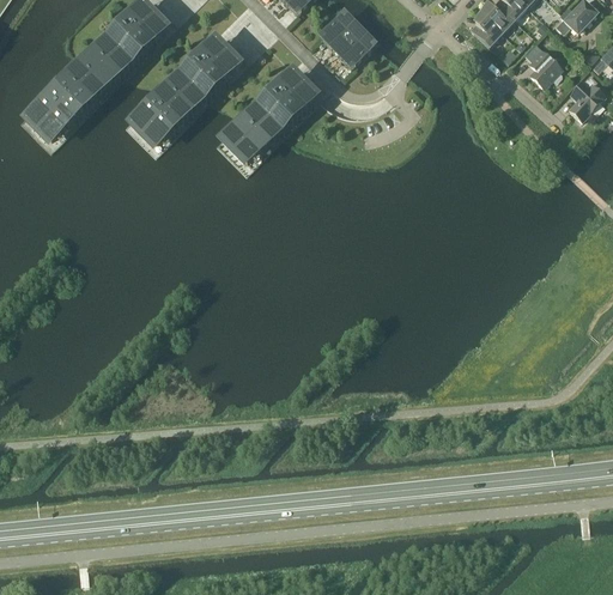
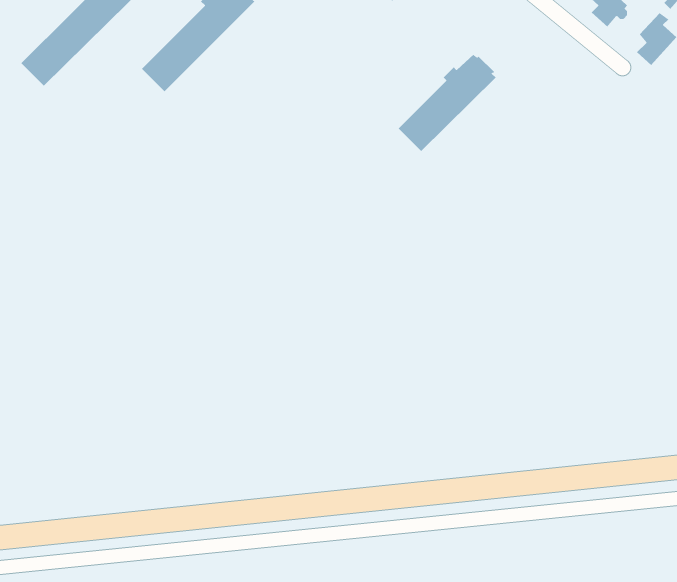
building: [225,74,311,159] -> [398,54,496,152]

